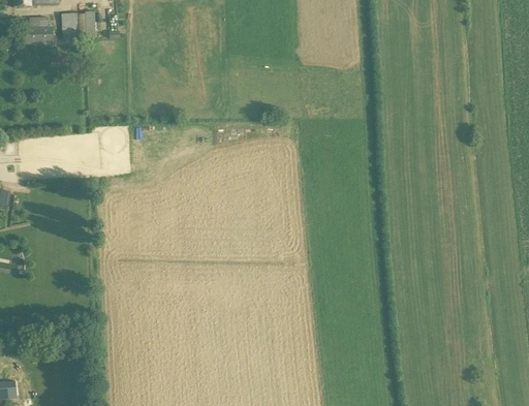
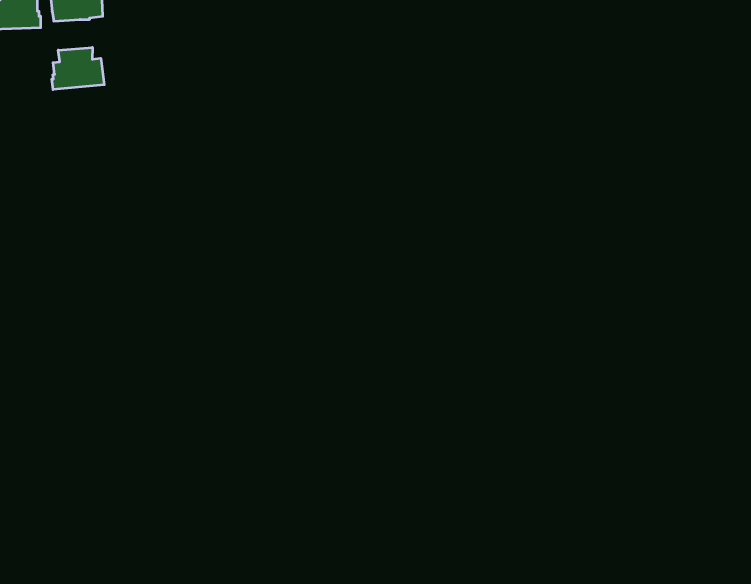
building: none -> [52,47,104,90]

